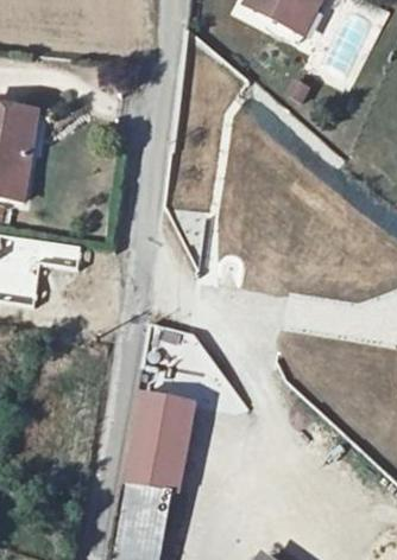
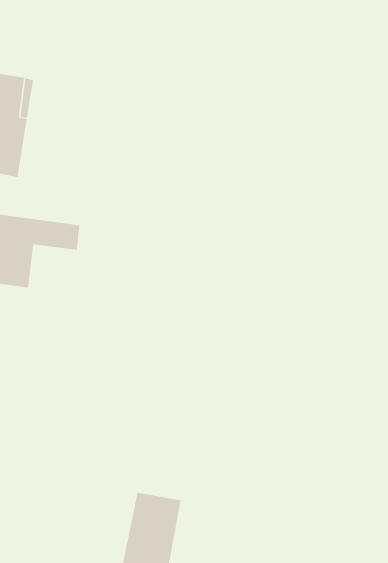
building: [128,396,187,495] -> none

